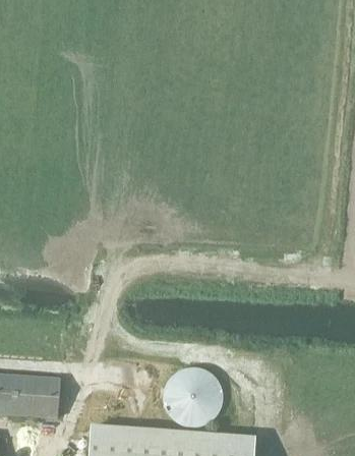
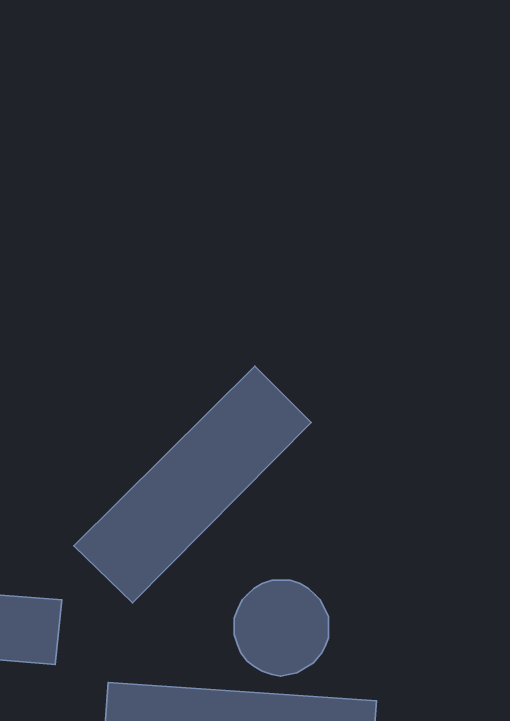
building: none -> [74,366,311,603]

